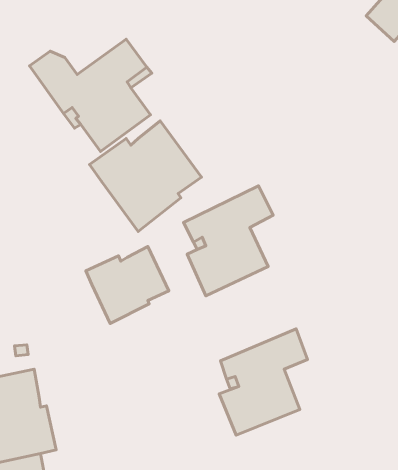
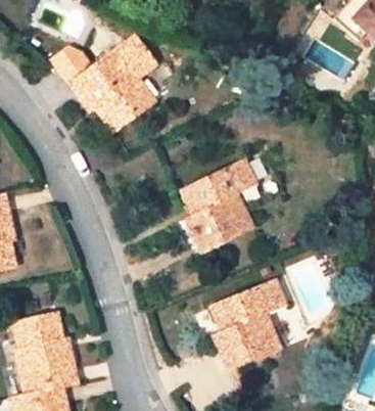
building: [90,121,202,232] -> none
building: [86,247,169,324] -> none

